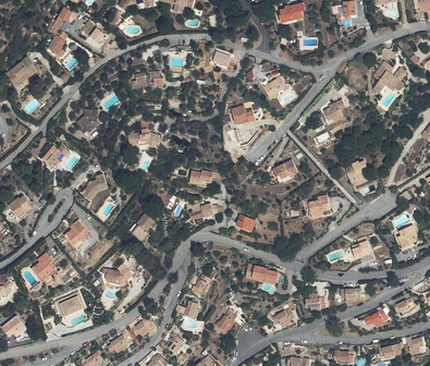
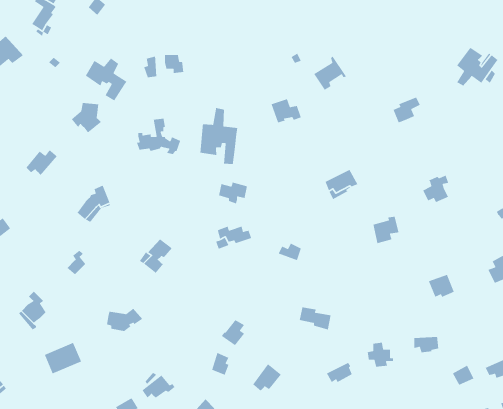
building: none -> [85,57,127,101]
building: none -> [200,107,238,165]

